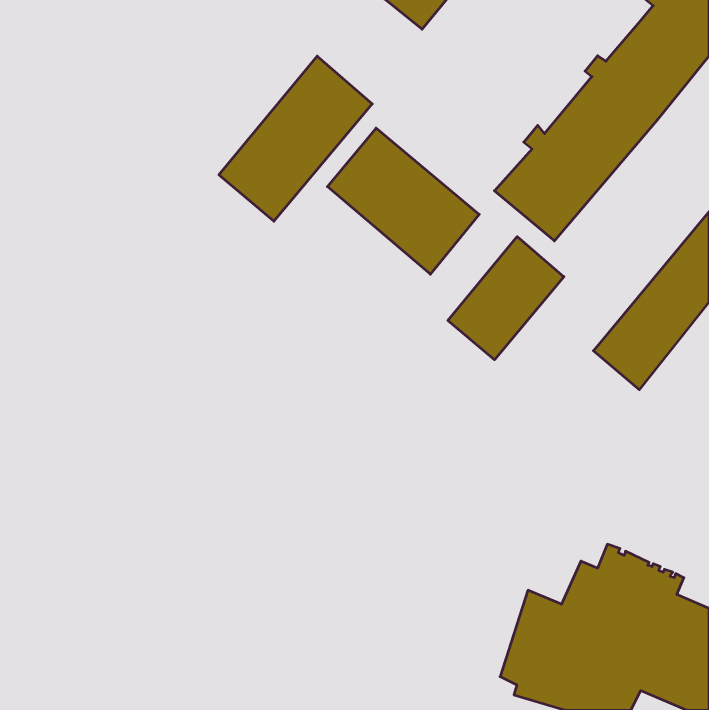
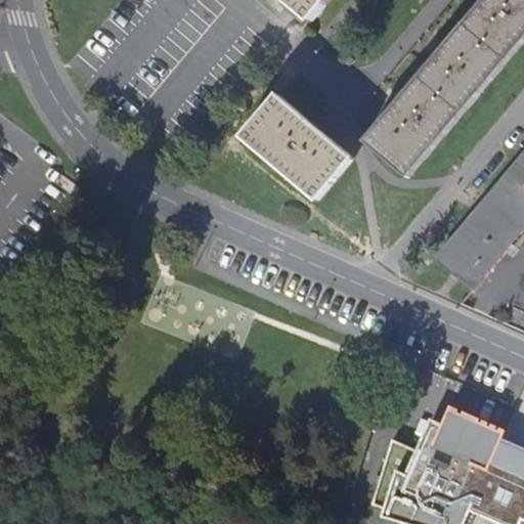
building: [219,56,372,221] -> none
building: [448,237,564,360] -> none

